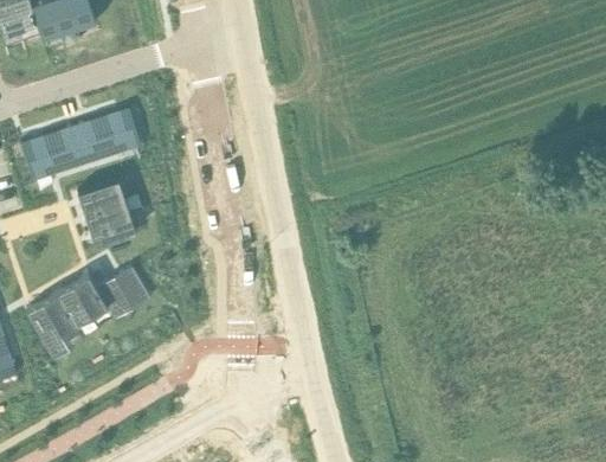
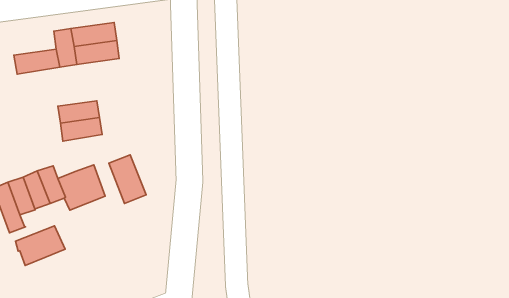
building: [19,130,70,163] -> none
building: [76,179,123,211] -> none
building: none -> [109,155,146,203]
building: none -> [15,226,65,265]

